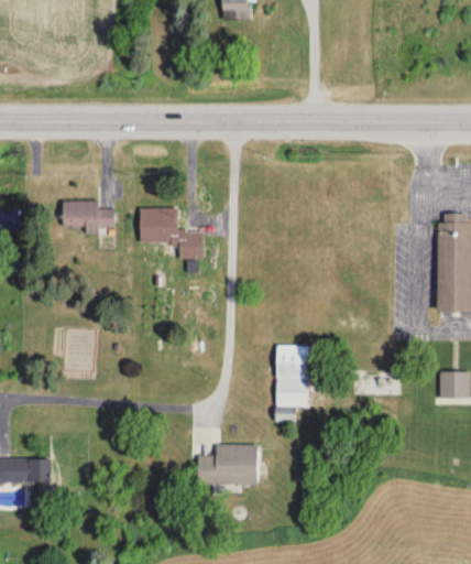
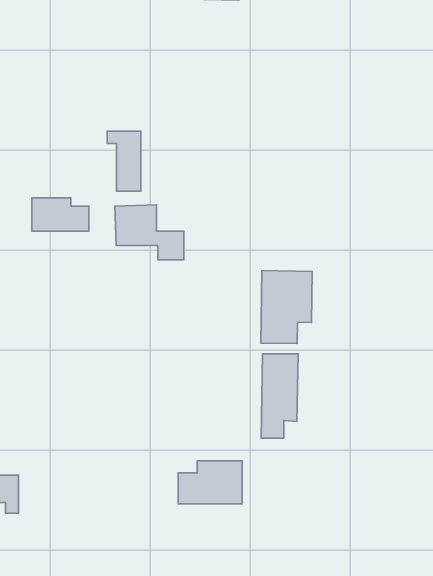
building: none -> [107,131,141,191]
building: none -> [261,271,312,344]

